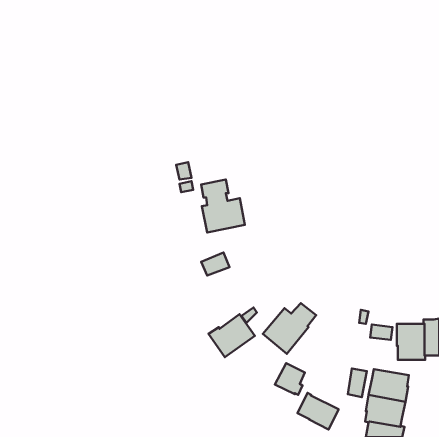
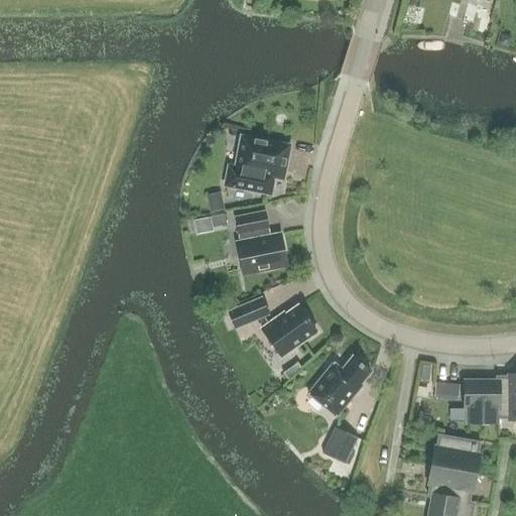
building: none -> [226,136,289,192]
building: [208,314,255,357] -> [262,304,316,355]
building: [348,368,367,397] -> none
building: [297,393,339,429] -> none

